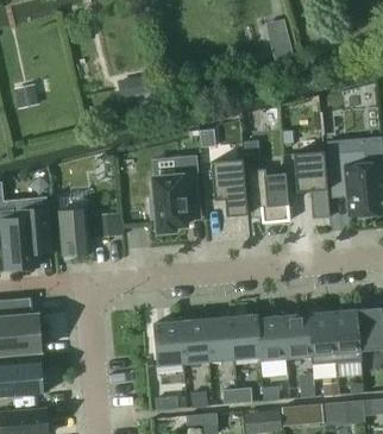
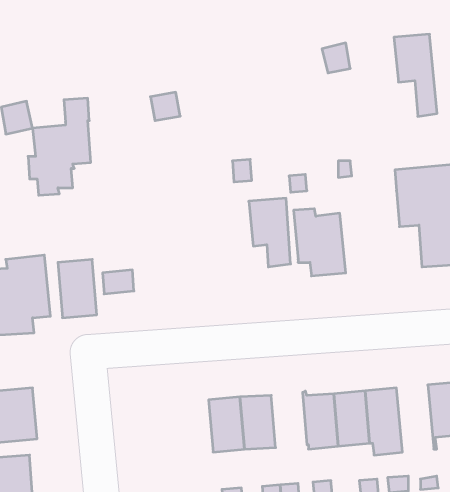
building: [294,152,328,218] -> [394,34,437,116]
building: [150,155,200,232] -> [28,98,91,195]
building: [329,309,359,363] -> none
building: [230,315,258,359] -> none
building: [153,321,183,365] -> none

